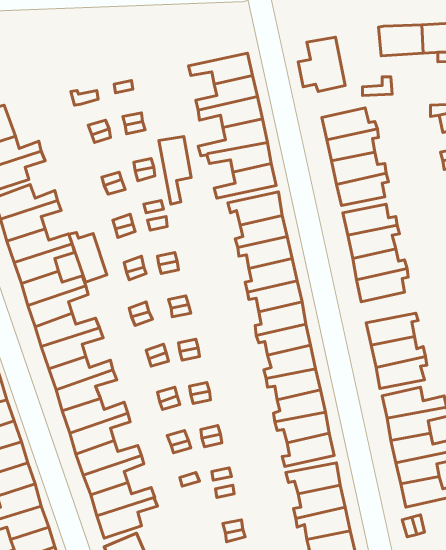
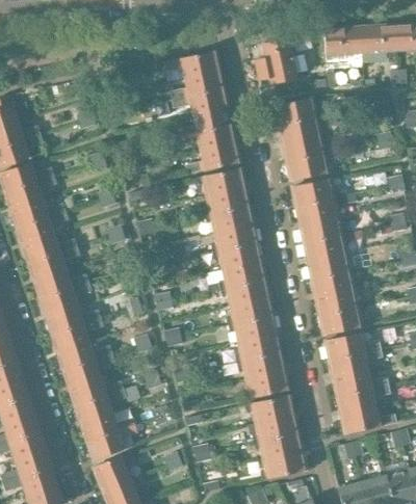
building: [159,137,191,204] -> none
building: [69,232,107,282] -> none
building: none -> [309,253,355,278]

